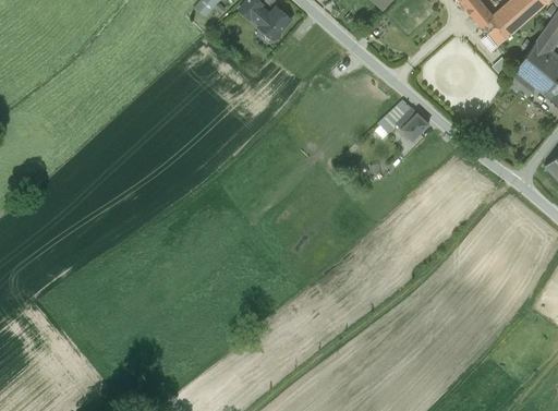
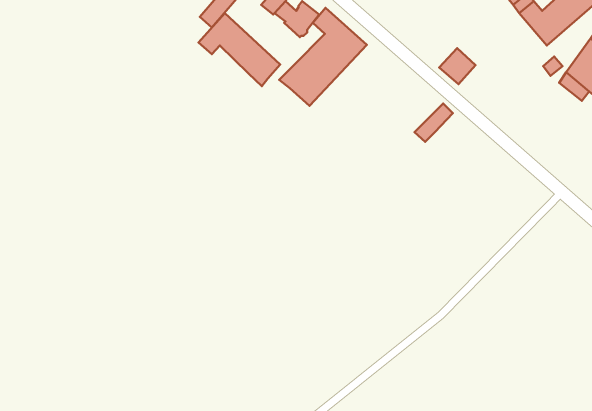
building: none -> [279,8,367,106]
building: none -> [199,13,280,86]
building: [396,108,428,141] -> [439,48,475,84]

